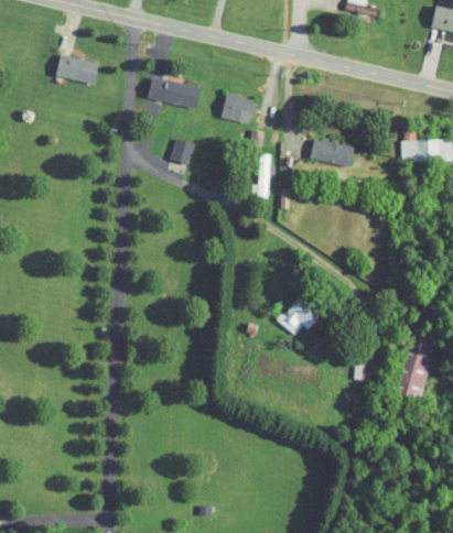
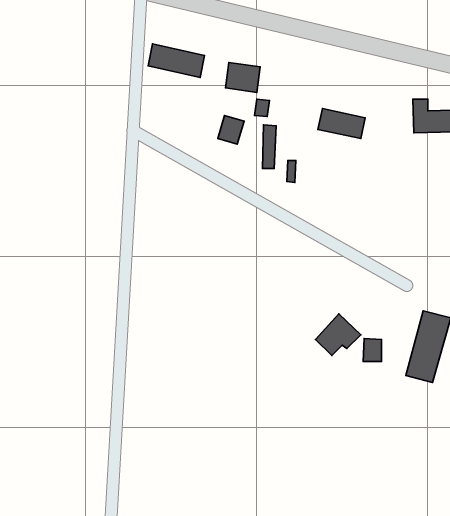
building: [56,56,98,83] -> none
building: [169,138,194,165] -> [218,115,244,144]
building: [278,296,321,336] -> [316,314,361,356]

